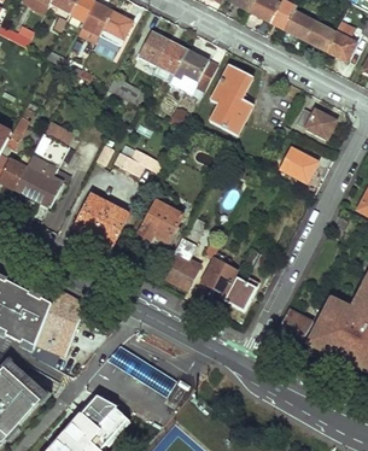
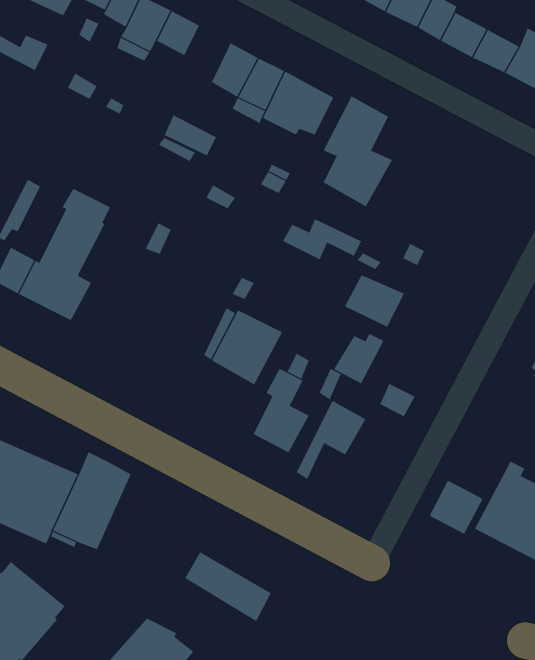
building: [296,106,334,135] -> none
building: [279,146,317,180] -> [344,274,405,327]
building: [113,148,164,175] -> [282,219,362,260]
building: [74,194,127,246] -> none
building: [226,275,258,308] -> [333,333,384,384]

